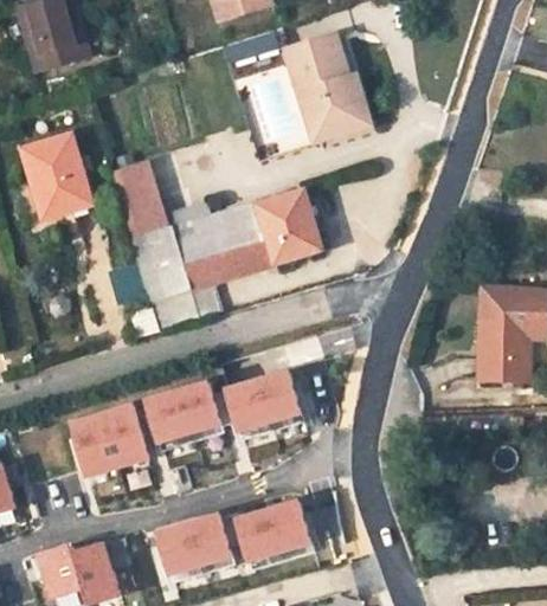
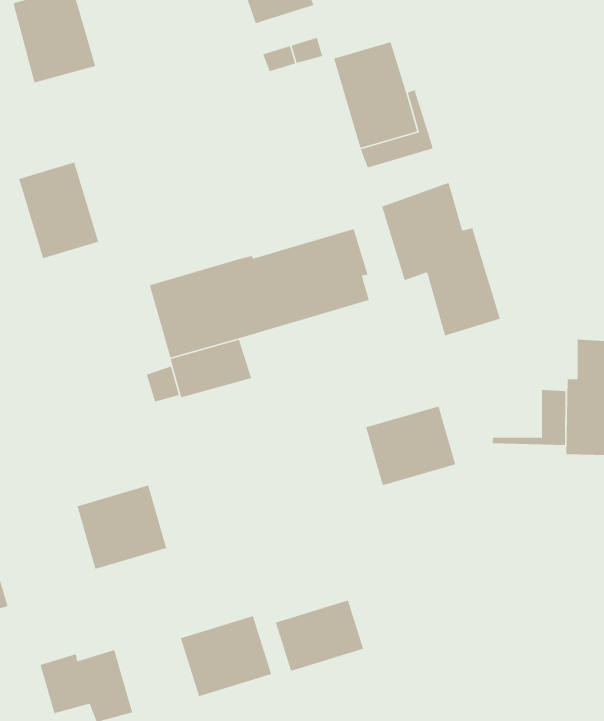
building: none -> [381,182,501,336]
building: [111,163,204,238] -> none
building: none -> [492,389,566,446]
building: [226,372,302,439] -> [365,405,456,486]
building: [146,382,221,450] -> none

